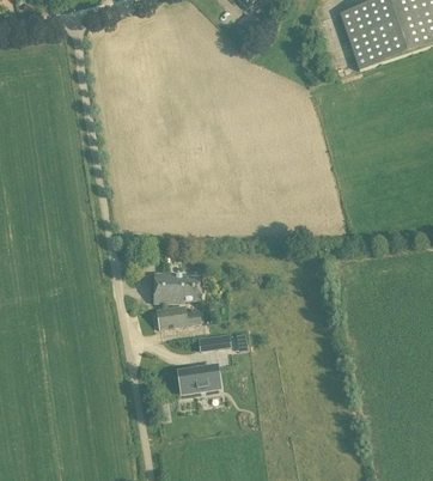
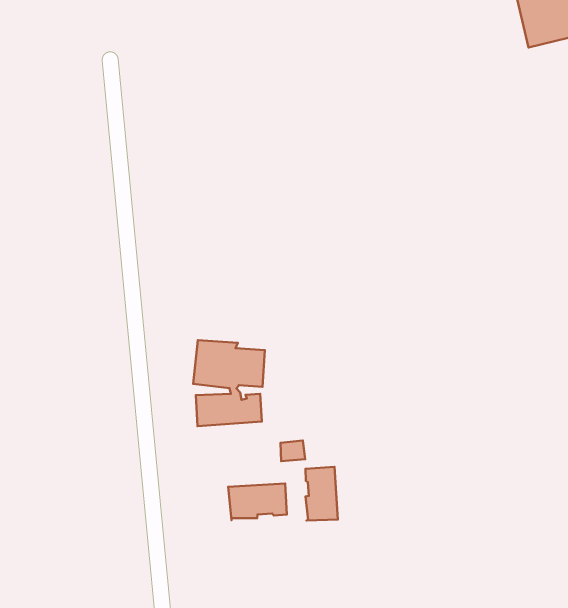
building: none -> [305,467,338,520]

